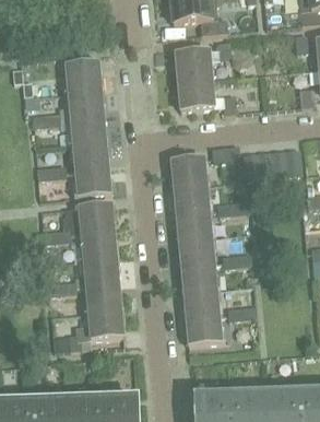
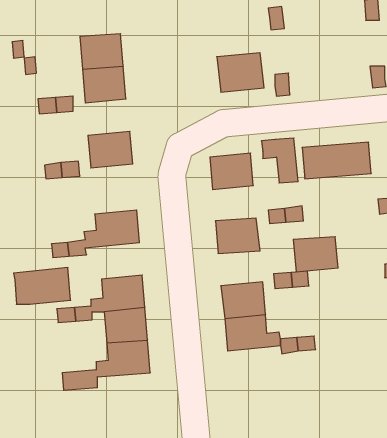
building: [174,43,211,74] -> none
building: [70,108,106,138] -> none
building: [74,161,110,190] -> none
building: [173,178,208,207] -> none
building: [70,224,116,254] -> [14,268,71,304]
building: [177,231,213,259] -> [293,237,338,272]
building: [185,308,220,338] -> none

